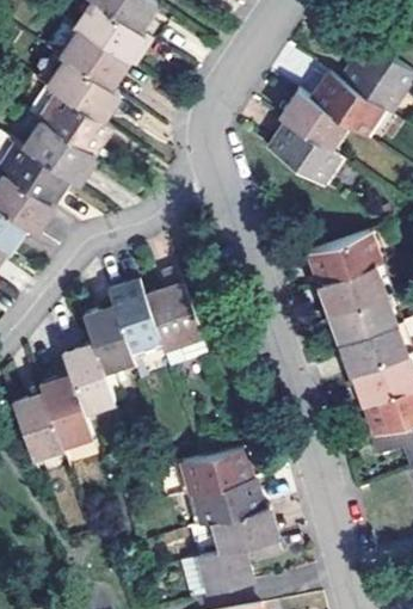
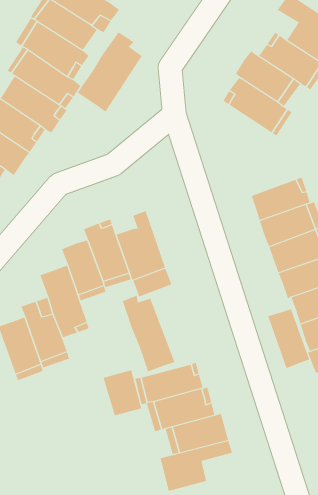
building: none -> [77,32,142,113]
building: none -> [122,295,175,372]
building: none -> [268,308,310,369]
building: none -> [103,369,142,416]

